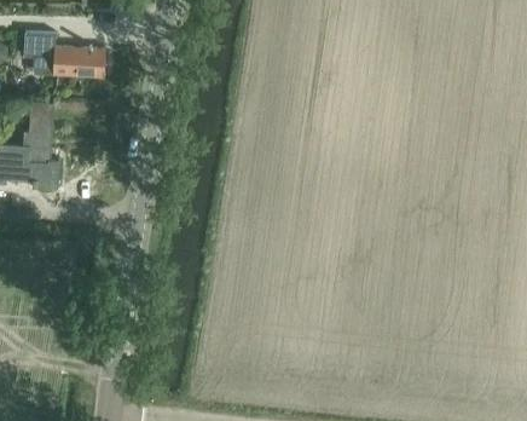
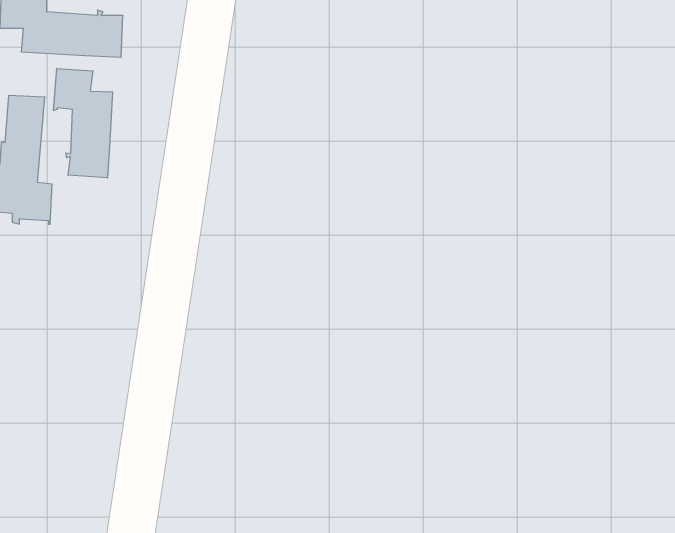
building: none -> [54,68,113,178]

